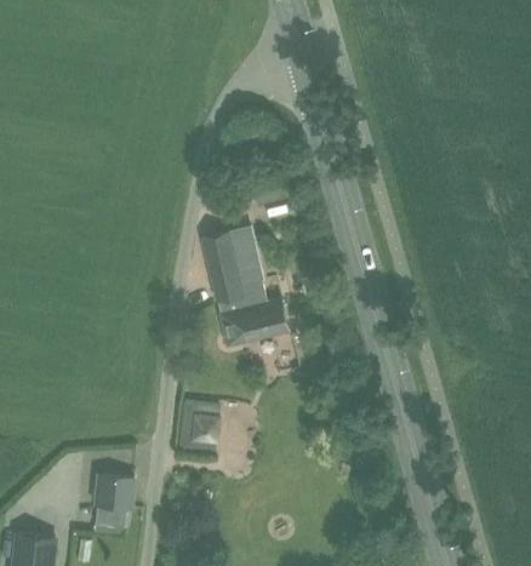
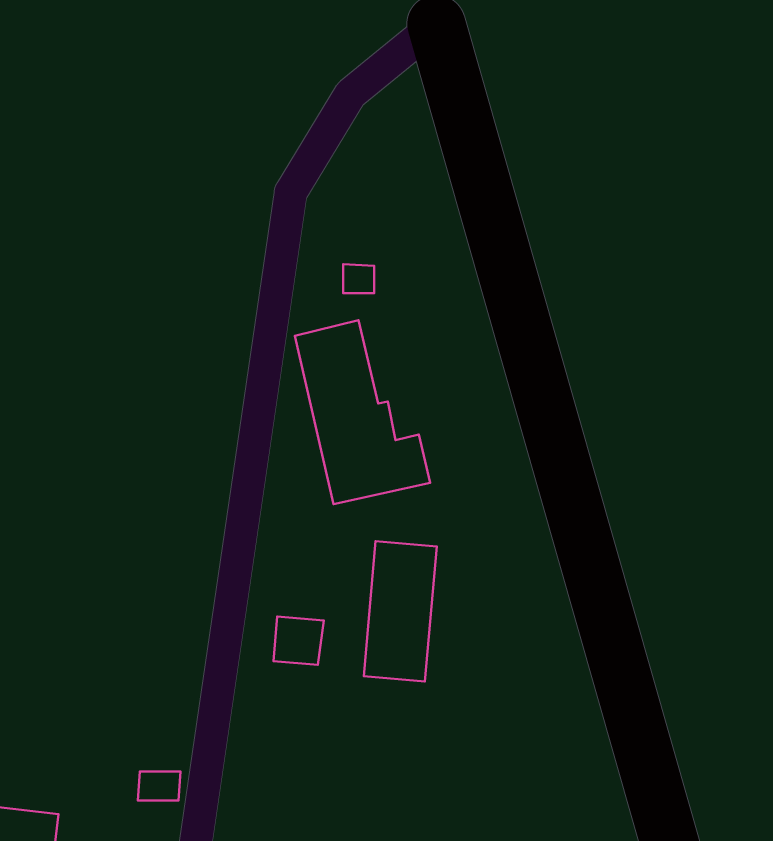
building: none -> [364,541,437,682]
building: [95,474,135,507] -> none

